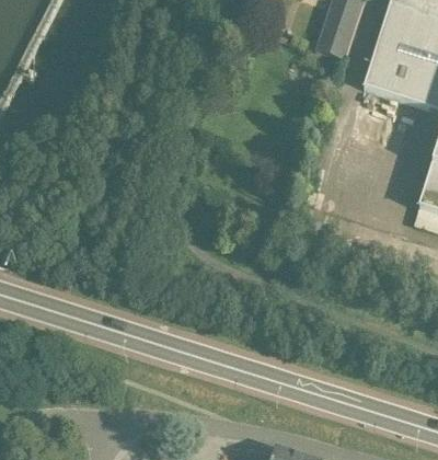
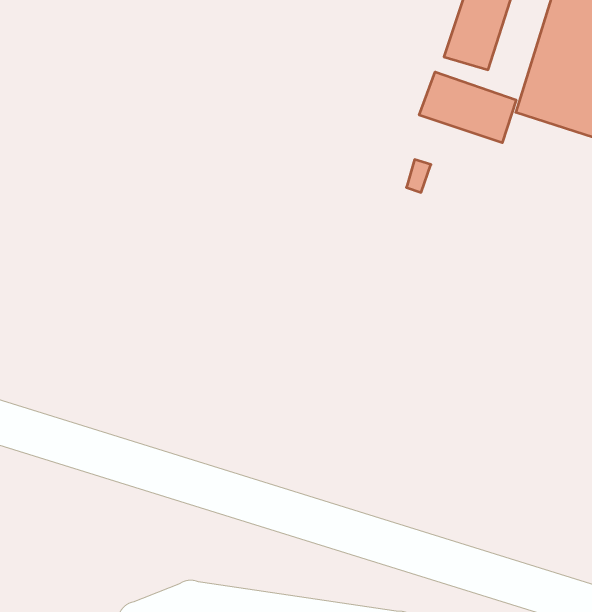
building: none -> [419,72,516,143]

